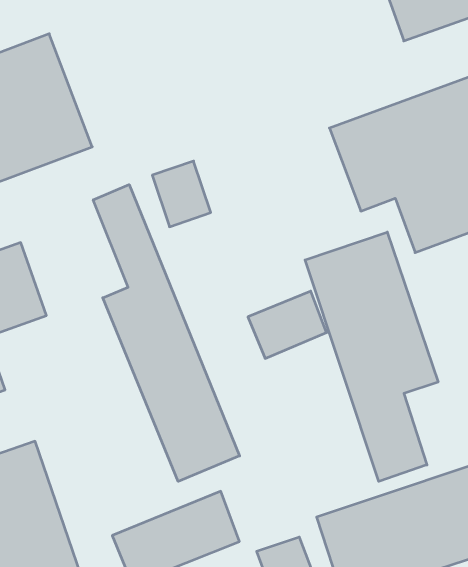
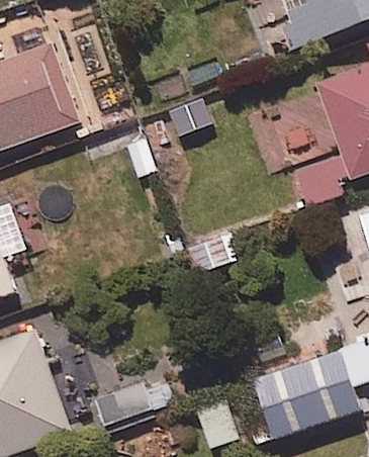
building: [93,185,240,481] -> none
building: [305,232,438,481] -> none

